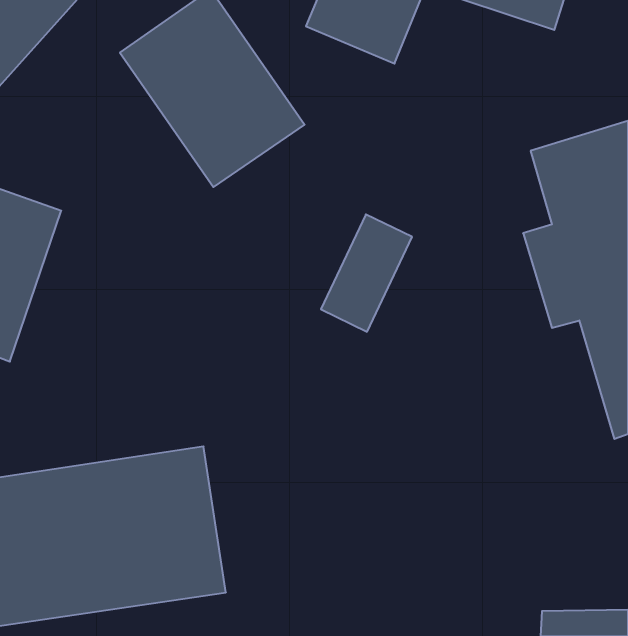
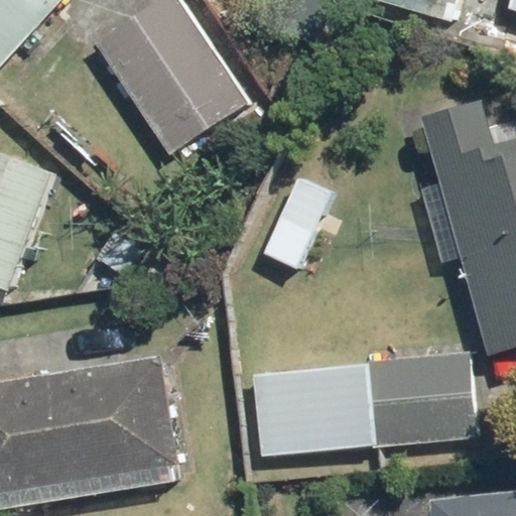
building: none -> [256,358,475,454]

